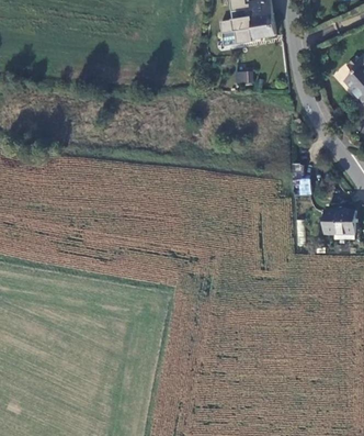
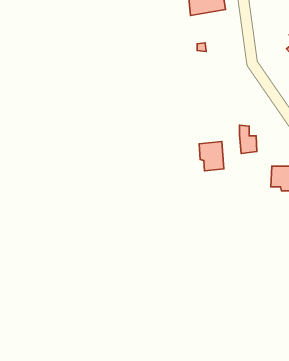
building: none -> [199,141,224,171]

